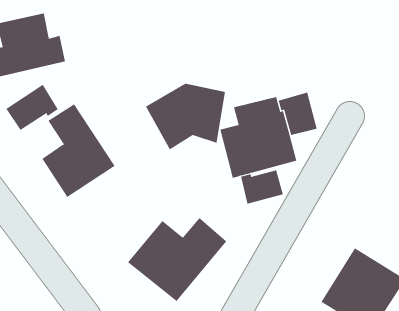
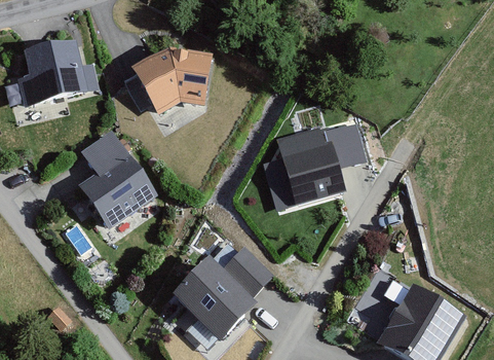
building: [145,83,226,150] -> [130,43,216,114]
building: [5,84,59,131] -> none
building: [240,170,283,205] -> none

